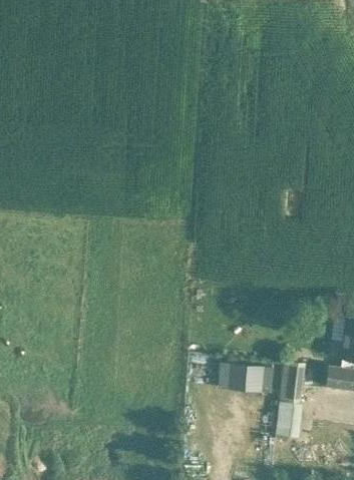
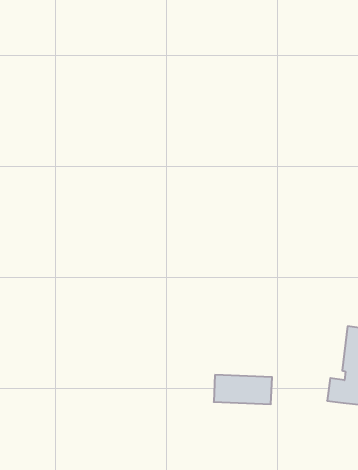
building: [275,362,304,438] -> none

